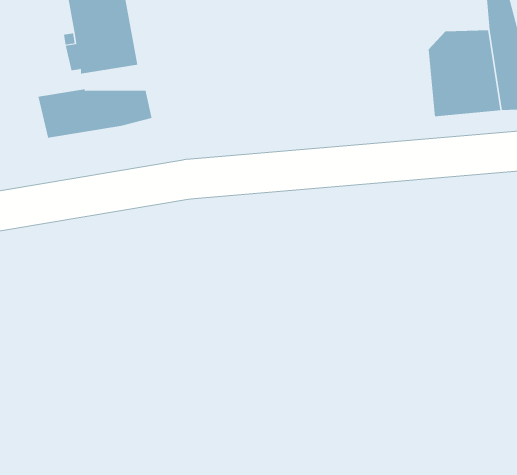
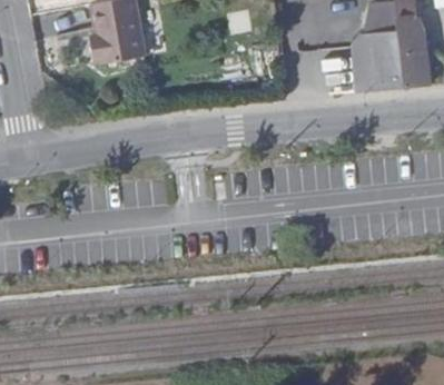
building: [38,88,152,138] -> none

